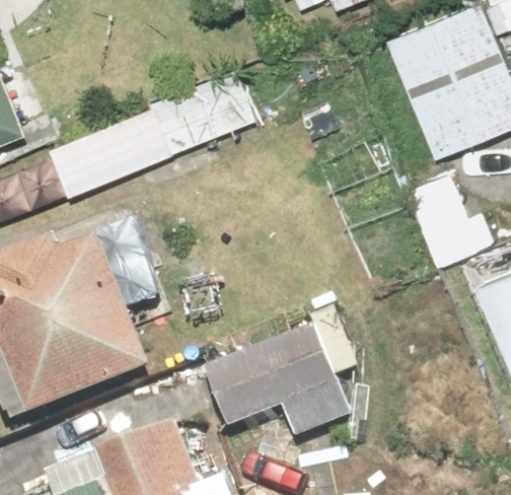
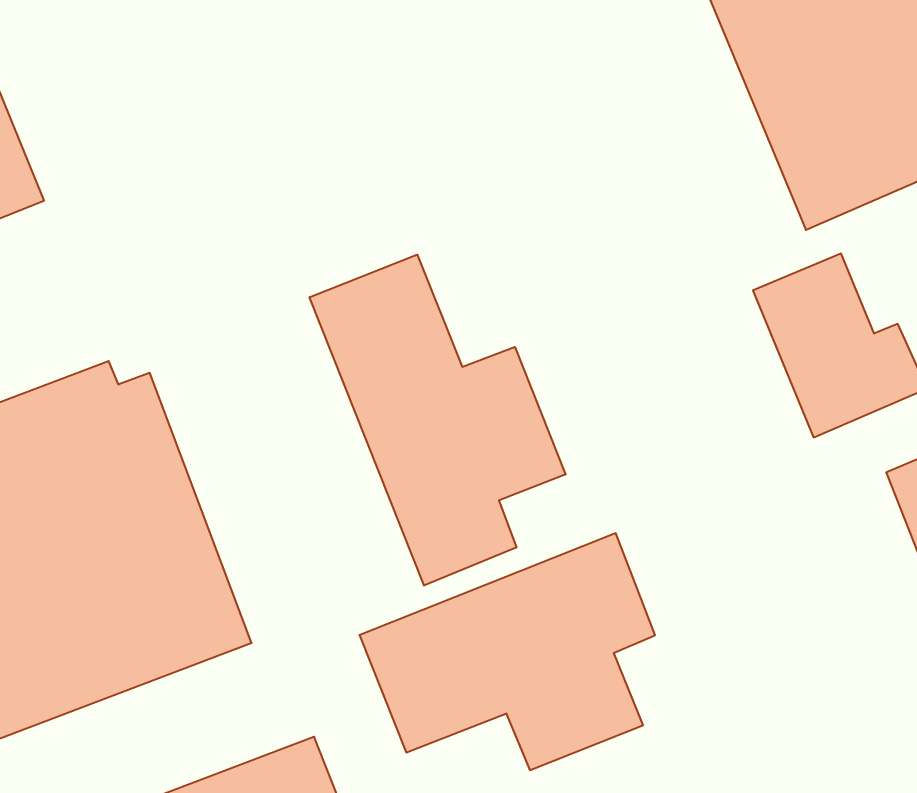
building: [54,44,257,190] -> none
building: none -> [310,255,566,586]

